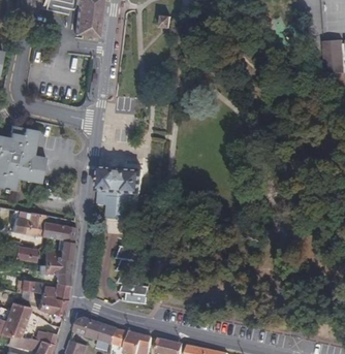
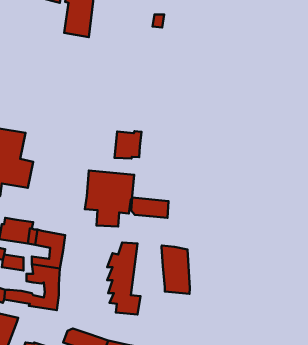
building: none -> [115,131,142,159]
building: none -> [131,197,169,218]
building: none -> [162,246,190,294]
building: [38,296,68,316] -> none

